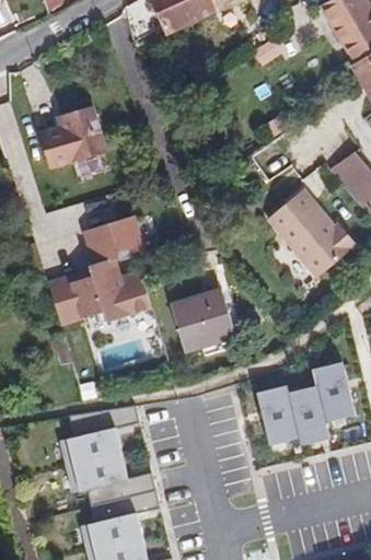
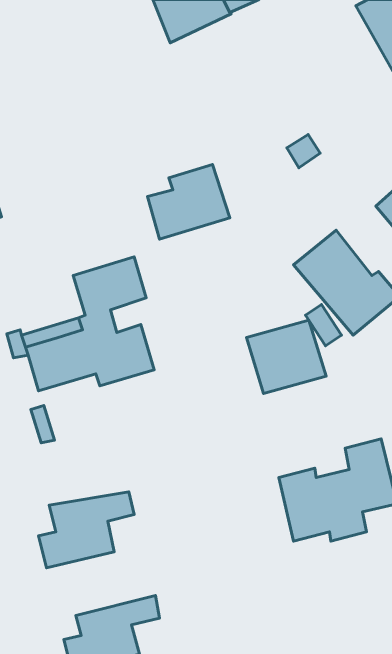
building: [39,107,107,168] -> [148,165,230,239]
building: [170,291,235,351] -> [246,320,326,393]
building: [65,455,154,508] -> none

